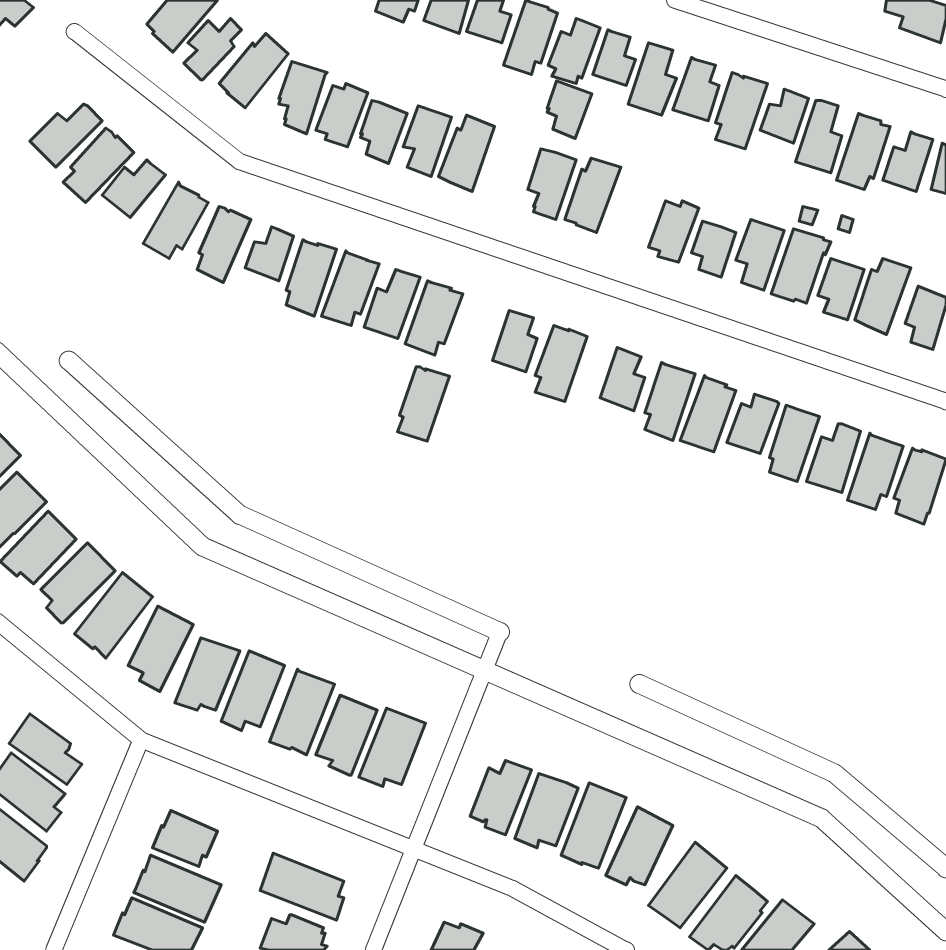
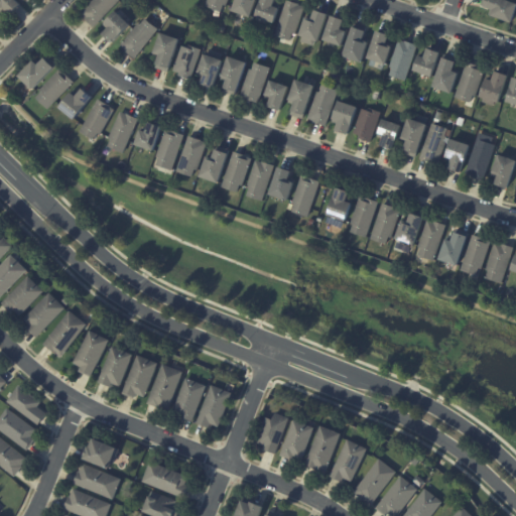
building: [547,81,592,138] -> [263,81,287,112]
building: none -> [331,102,355,135]
building: [398,367,450,441] -> [245,161,273,202]

